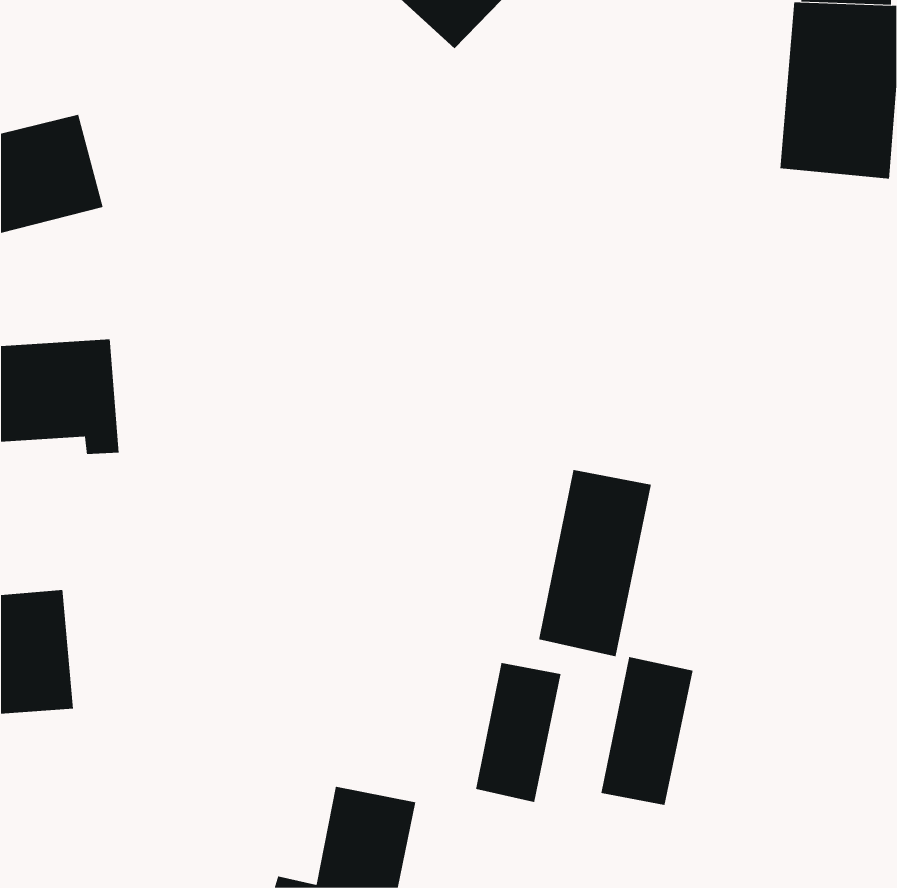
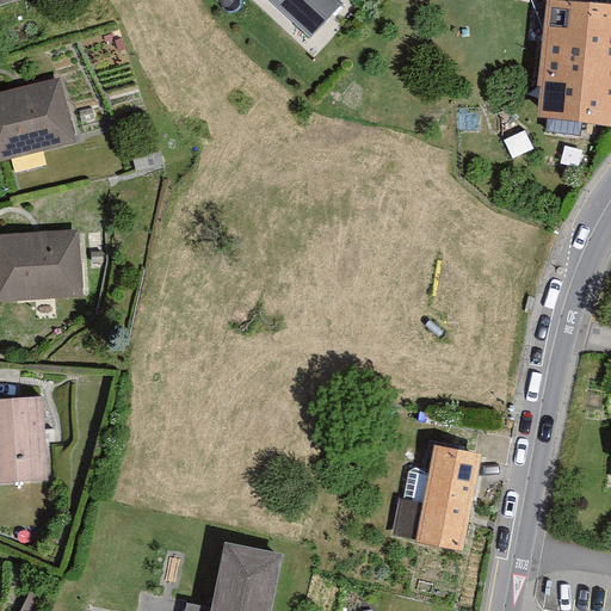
building: [538,469,651,657] -> none
building: [475,662,561,803] -> none

